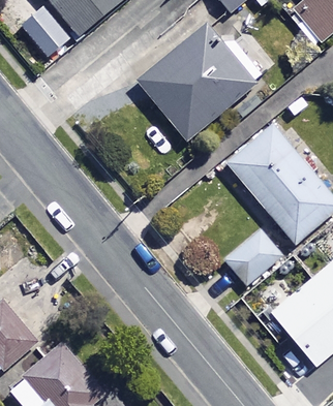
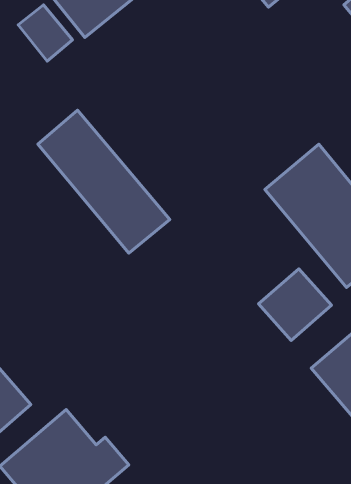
building: [138,21,260,140] -> none
building: none -> [38,110,170,253]

